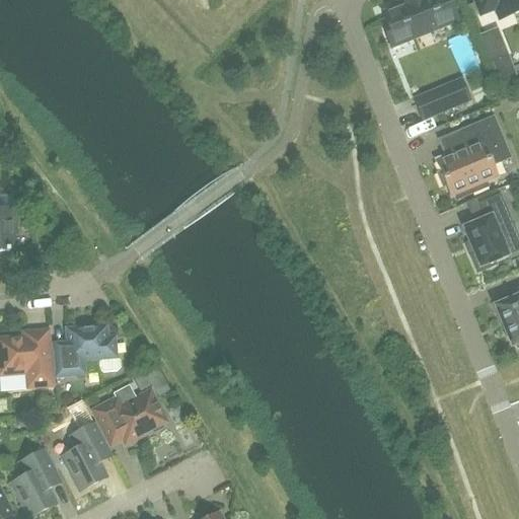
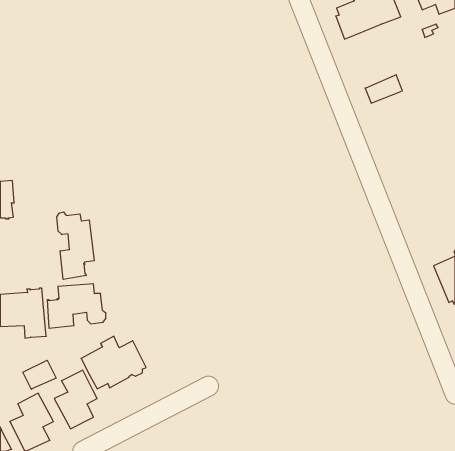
building: [437,115,504,194] -> none
building: [463,192,513,271] -> none
building: none -> [57,212,94,279]
building: none -> [23,360,56,389]

